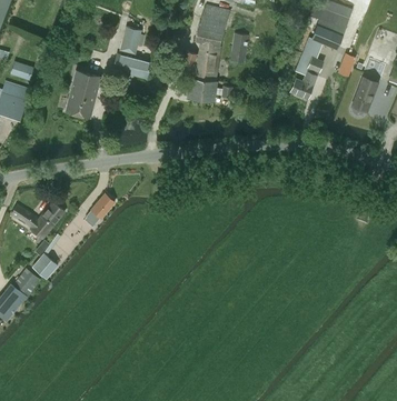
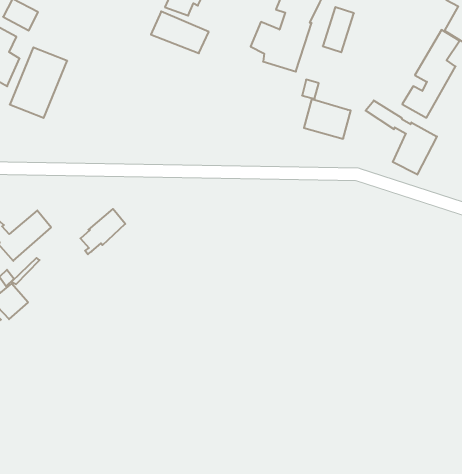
building: [66,71,100,118] -> [10,47,67,118]
building: [187,78,217,101] -> [304,100,351,139]
building: none -> [366,100,437,175]

